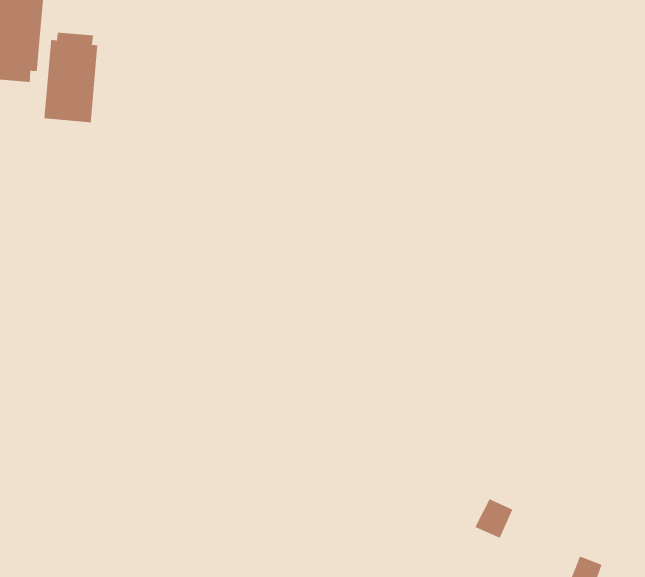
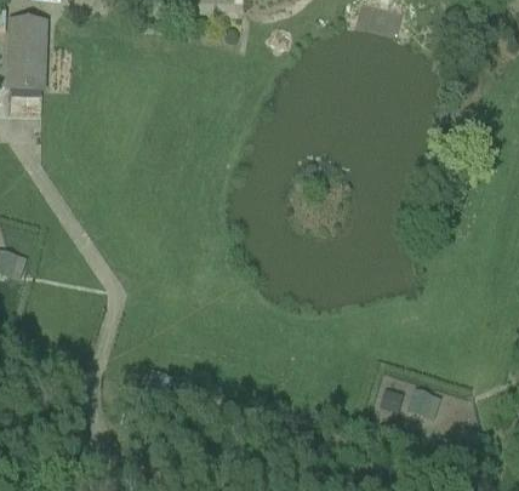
building: [44,32,98,123] -> none

